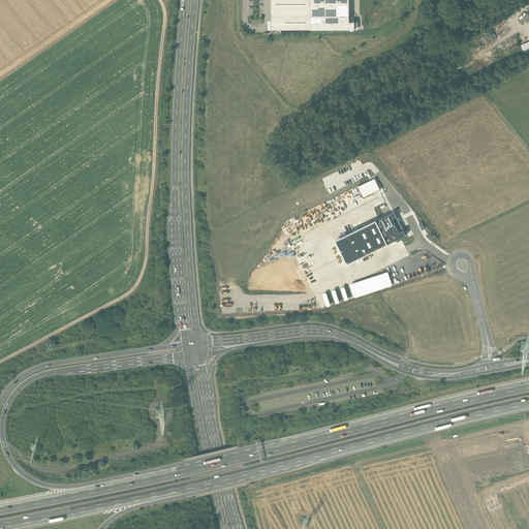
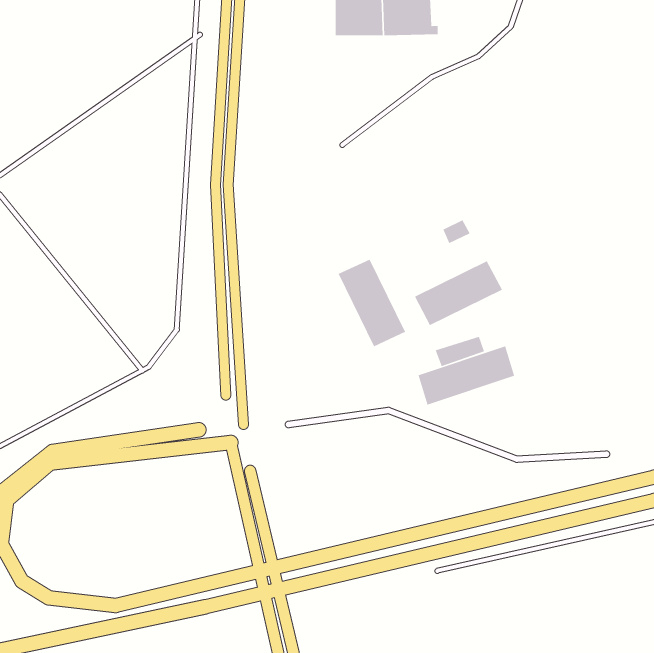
building: none -> [338,259,406,347]
building: none -> [418,345,515,405]

